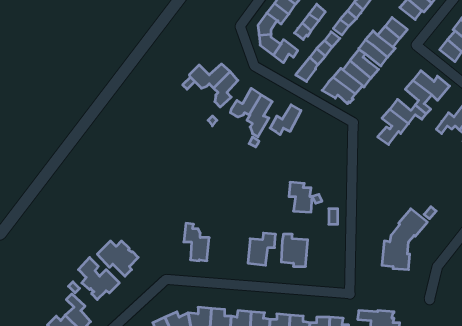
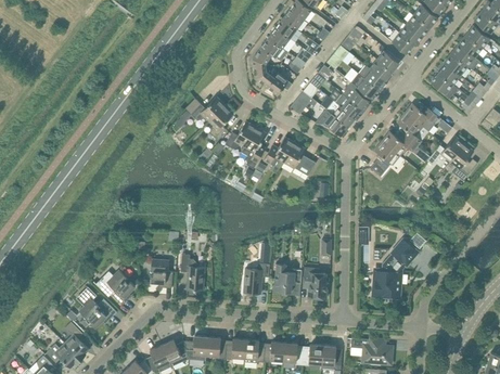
building: none -> [284,142,316,176]
building: [289,182,312,212] -> [304,268,326,297]
building: none -> [150,259,174,287]

